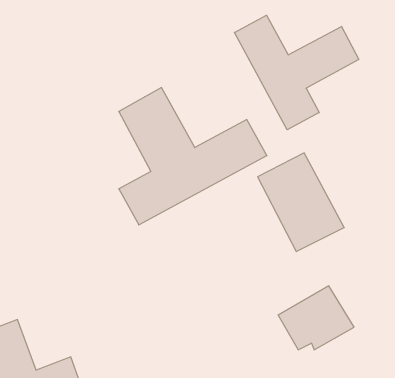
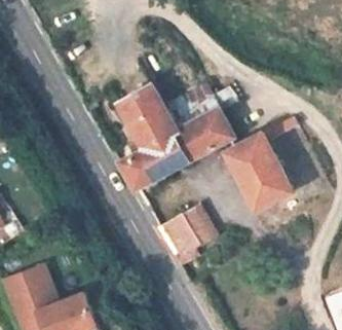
building: [234,15,359,130] -> none
building: [278,286,354,350] -> [157,206,216,255]

